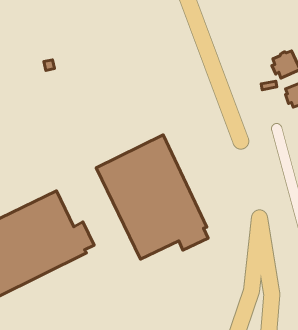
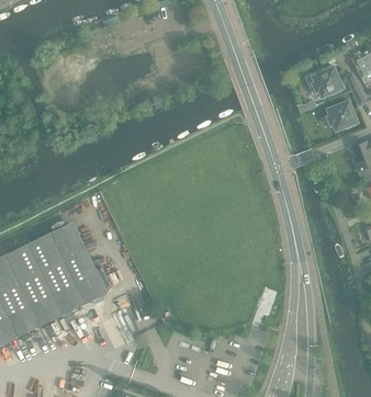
building: [96,135,208,259] -> none

